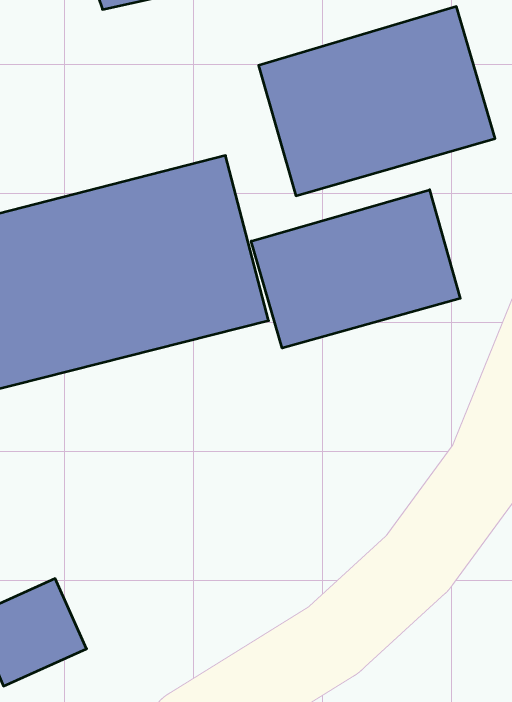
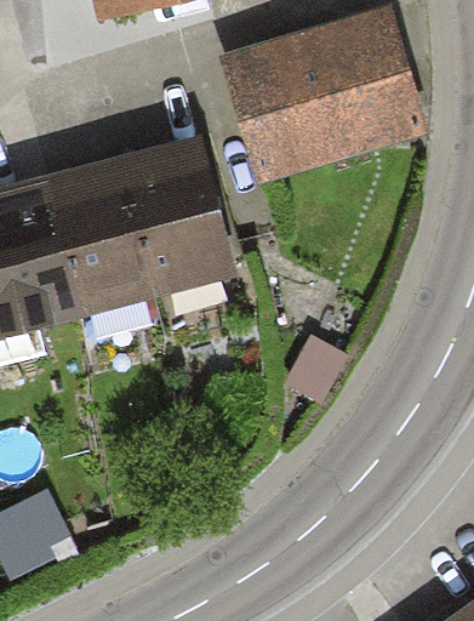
building: [251,190,460,348] -> none

